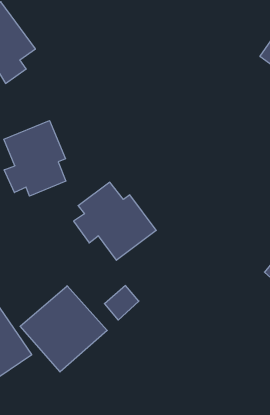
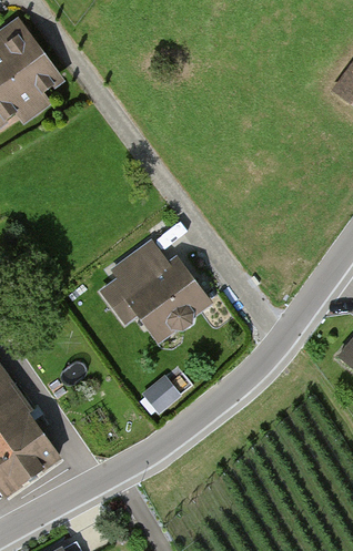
building: [4,121,66,196] -> none
building: [20,286,107,372] -> none

